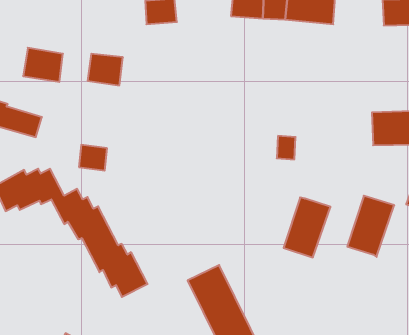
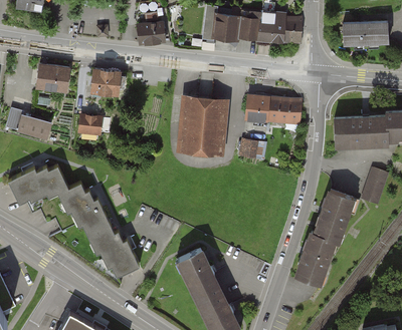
building: none -> [245,96,300,124]
building: none -> [178,97,227,156]
building: [79,145,107,171] -> [78,114,103,136]
building: [284,197,331,257] -> [293,233,334,284]

